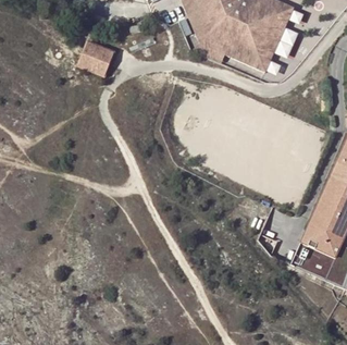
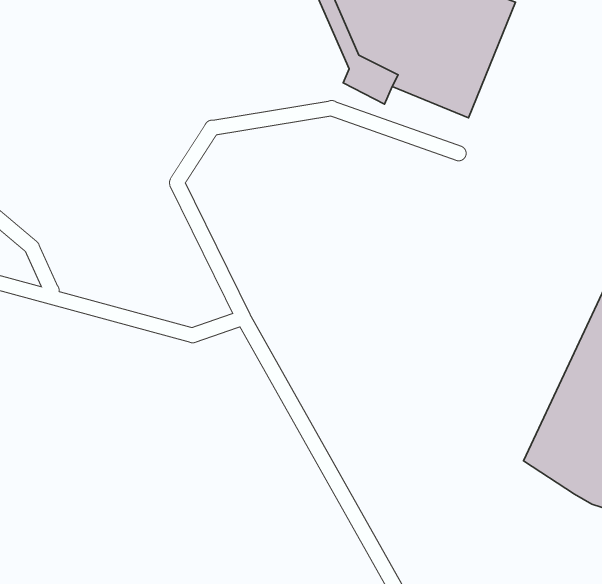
building: [76,40,113,75] -> none

